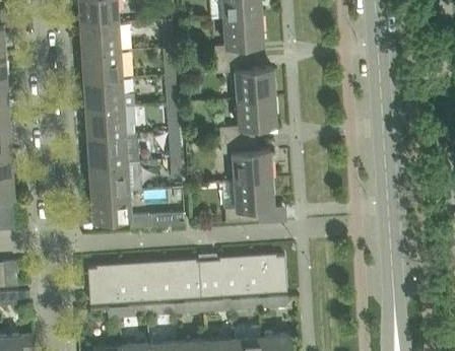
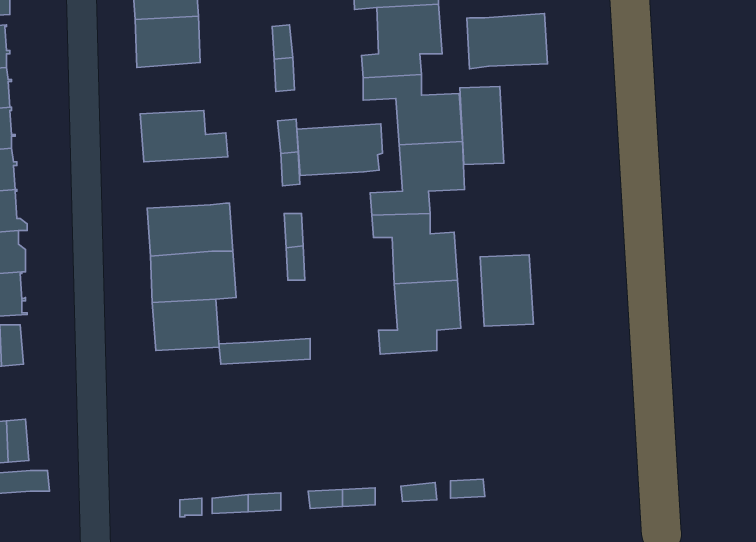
building: none -> [467,13,547,69]
building: [82,51,122,81] -> none
building: none -> [460,87,504,164]
building: [86,107,137,137] -> [297,124,383,175]
building: none -> [480,255,533,326]
building: [88,256,287,304] -> none

